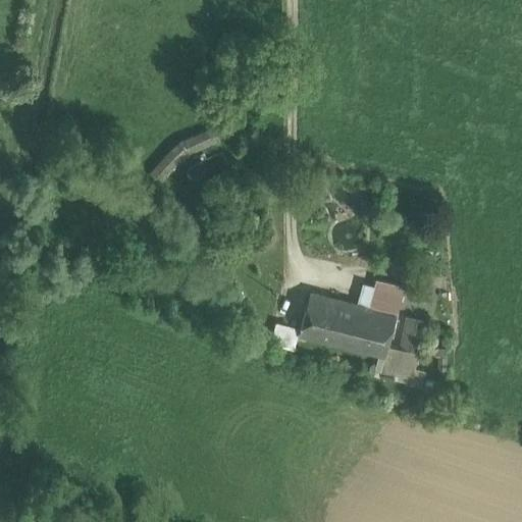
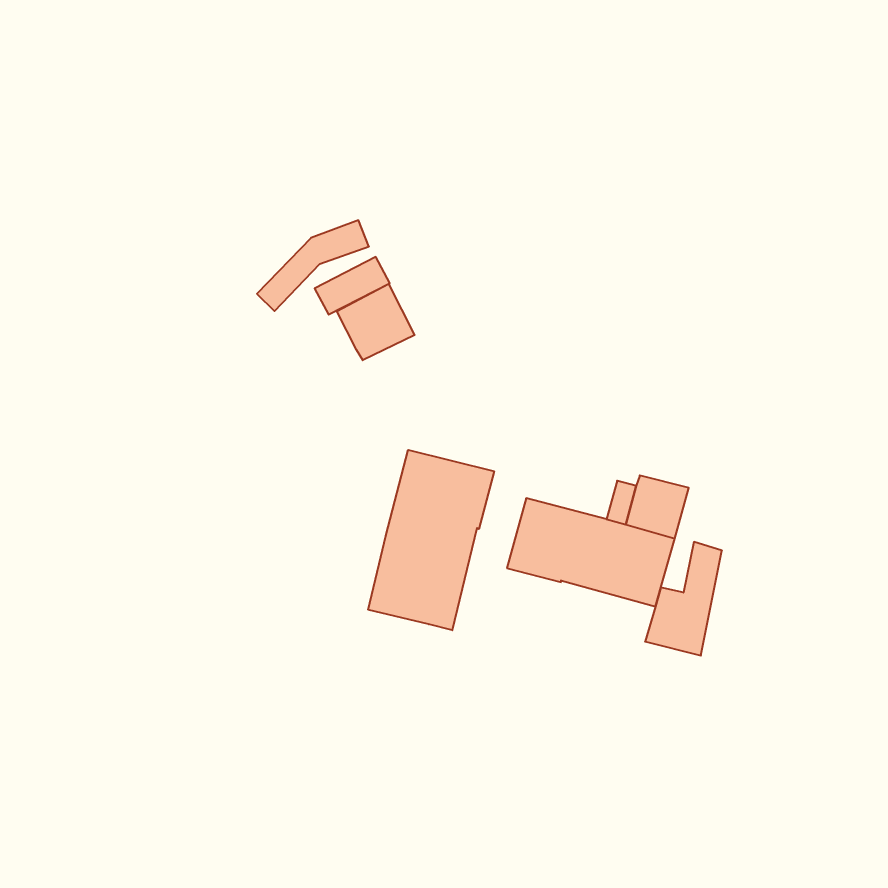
building: none -> [337,284,415,360]
building: none -> [368,450,494,630]

